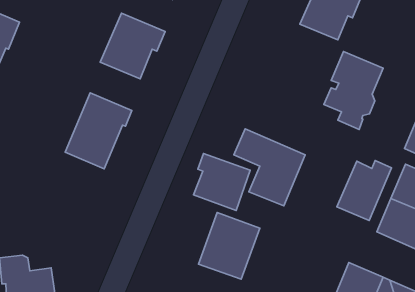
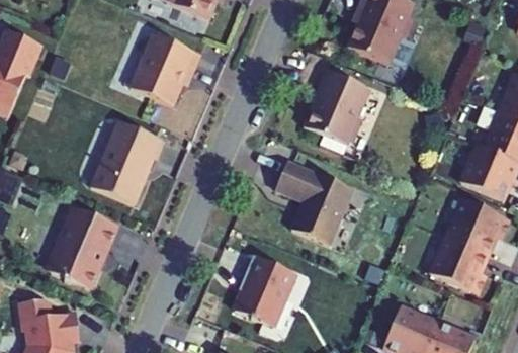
building: [324,52,383,129] -> [305,70,369,155]
building: [194,153,250,210] -> none
building: [337,161,392,220] -> none
building: none -> [49,205,117,287]

